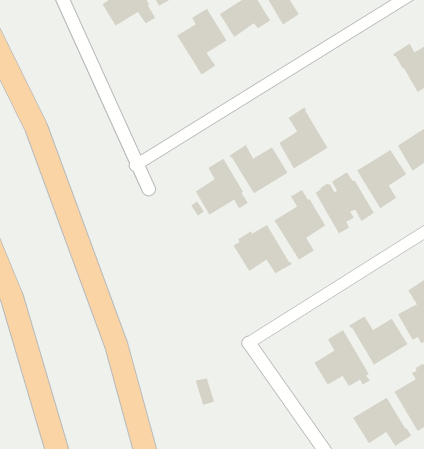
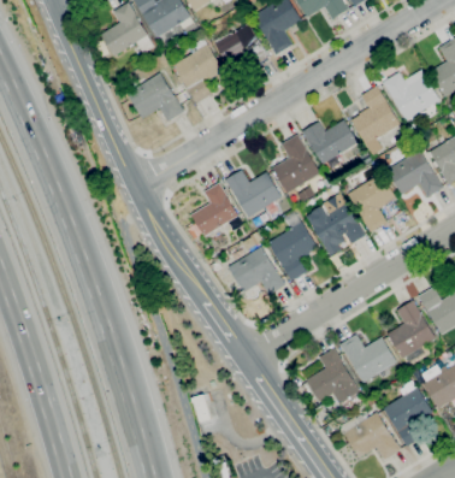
building: none -> [126,73,184,122]
building: none -> [350,87,400,154]
building: none -> [301,120,358,165]

